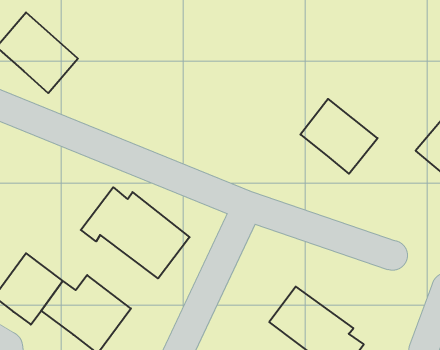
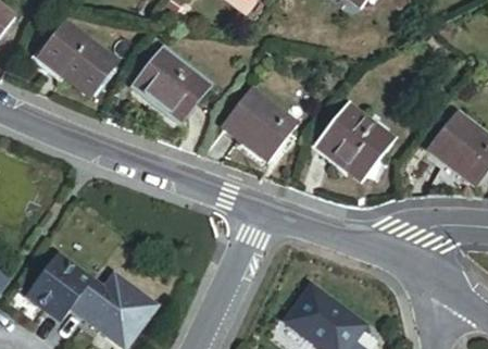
building: none -> [133,49,208,123]
building: none -> [216,89,291,163]
building: [81,187,190,278] -> none

